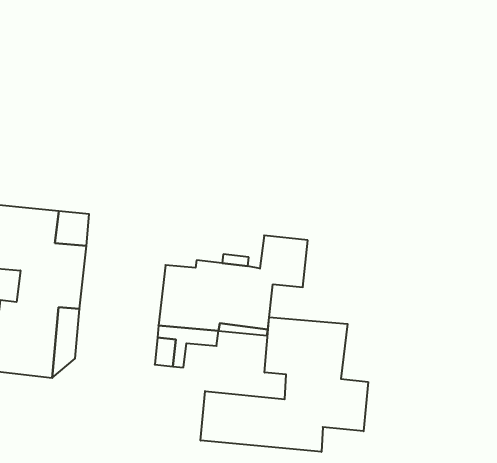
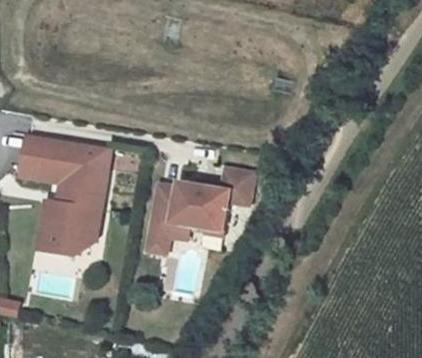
building: [201,317,368,452] -> none

